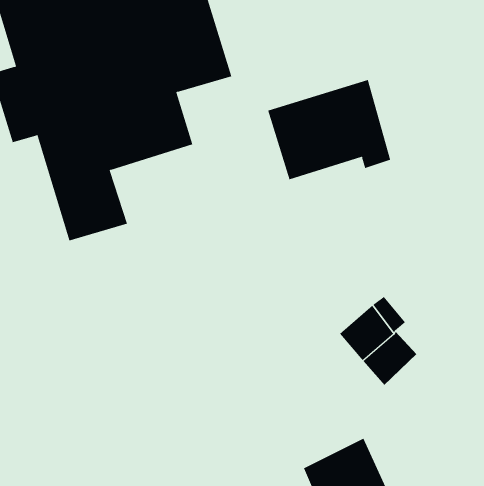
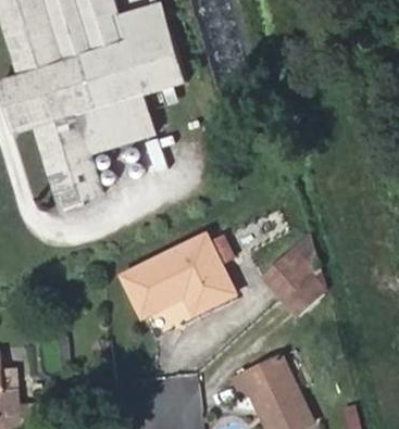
building: [267,79,391,180] -> none
building: none -> [122,231,236,316]

